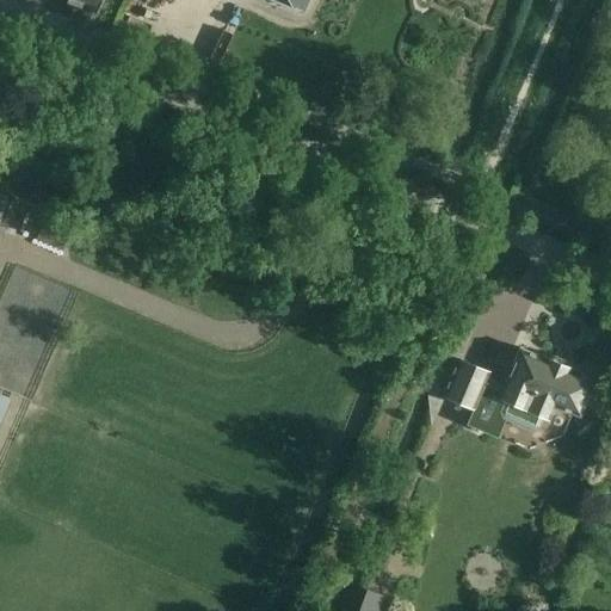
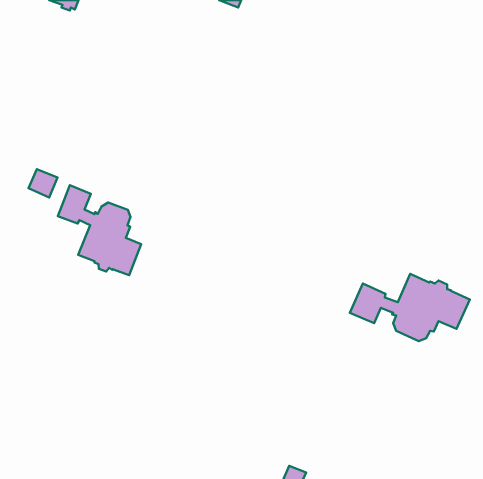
building: none -> [58,185,141,275]

